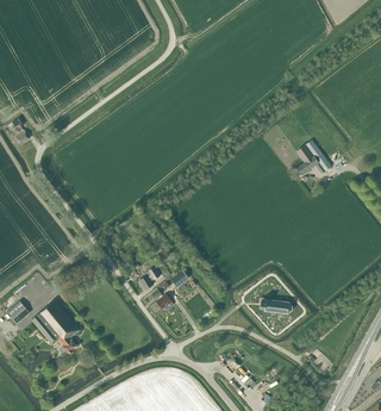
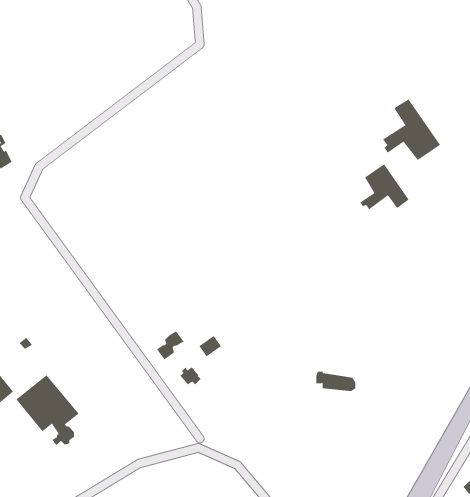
building: none -> [382,98,441,161]

